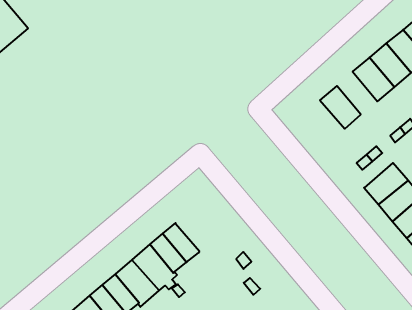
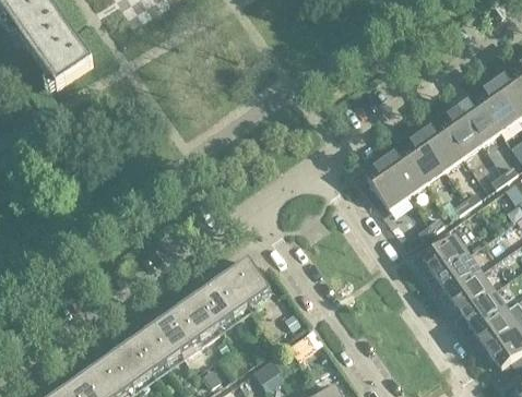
building: none -> [403,135,443,180]
building: none -> [366,161,407,206]
building: none -> [225,258,270,311]

